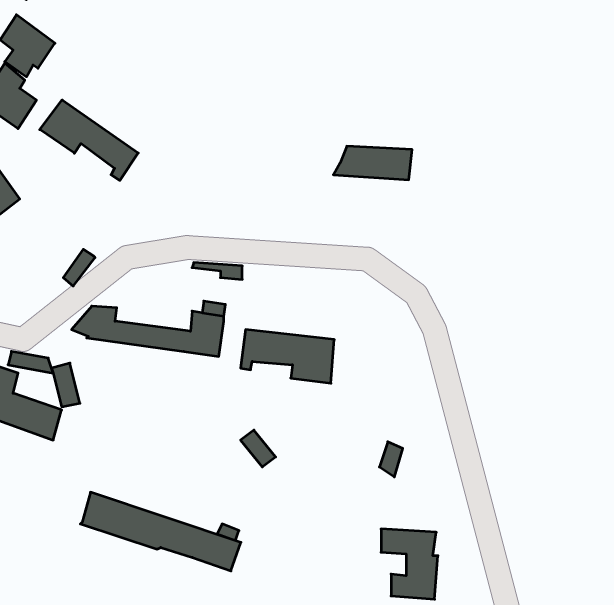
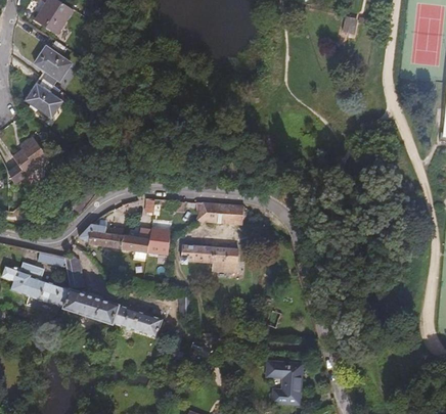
building: [40,100,138,180] -> none
building: [333,146,412,180] -> [196,202,244,223]
building: [80,492,241,571] -> [66,288,165,336]

